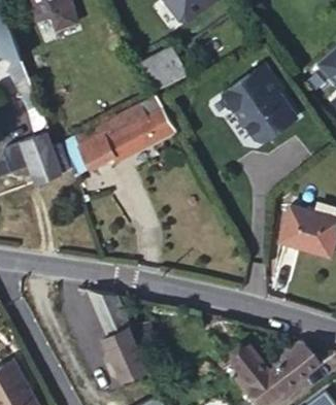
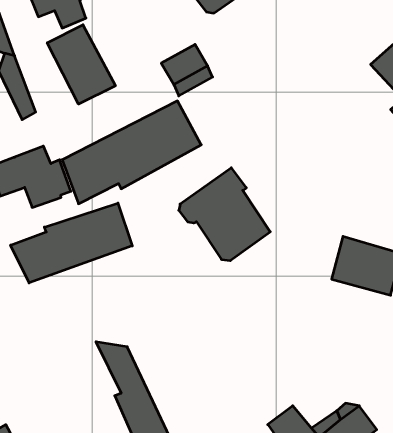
building: none -> [47,25,115,104]
building: [217,65,293,141] -> [179,168,270,261]
building: none -> [11,203,132,283]

